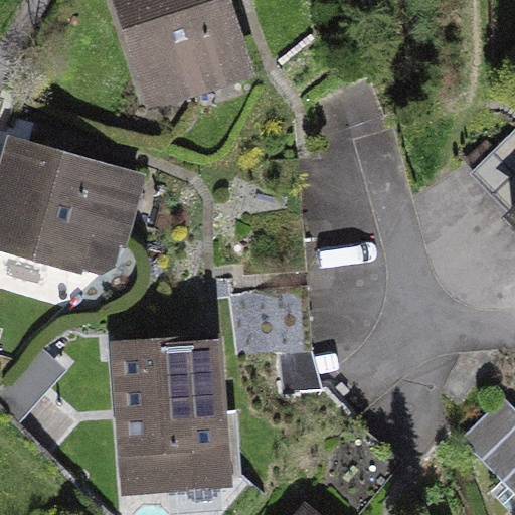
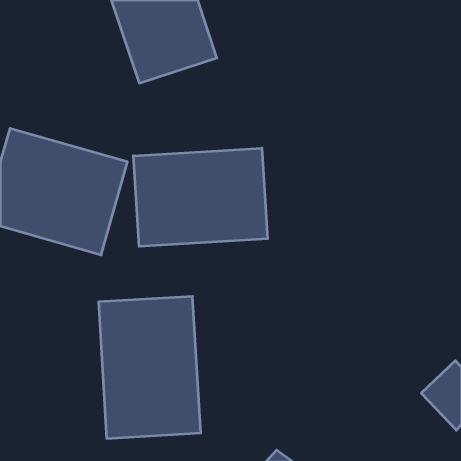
building: none -> [133,148,268,246]

